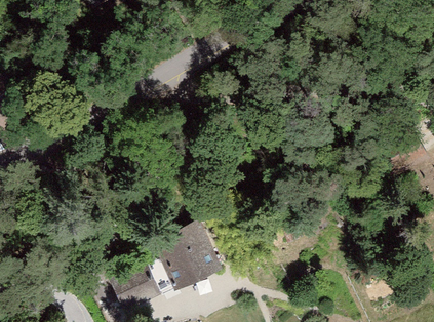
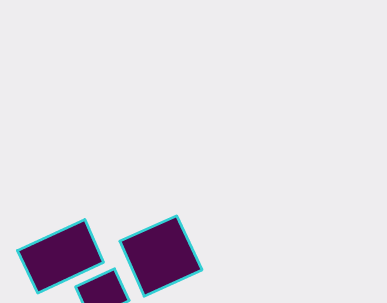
building: none -> [17,219,103,293]

